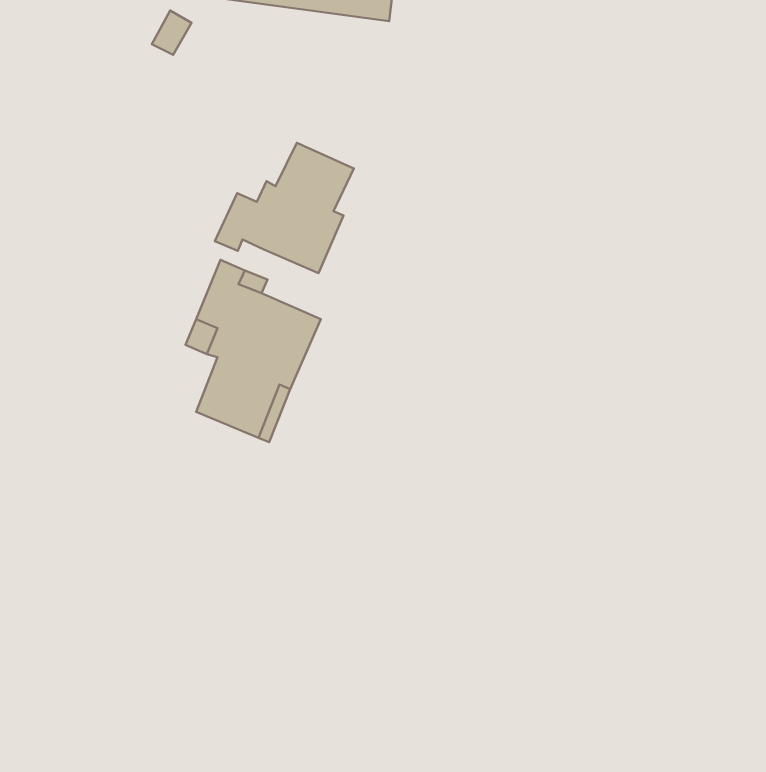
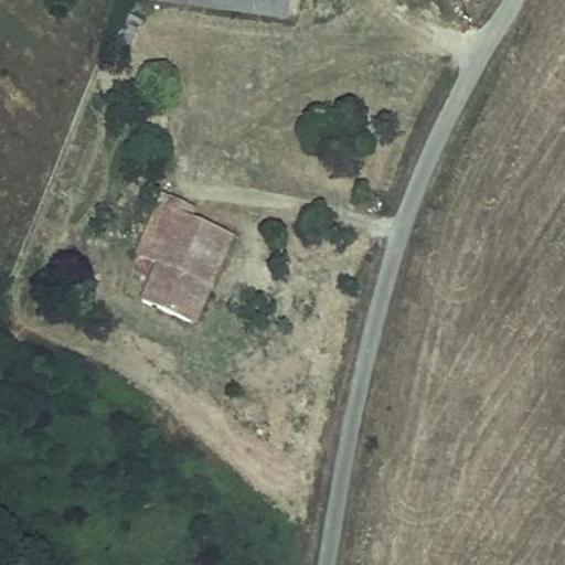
building: [215,143,354,273] -> none

